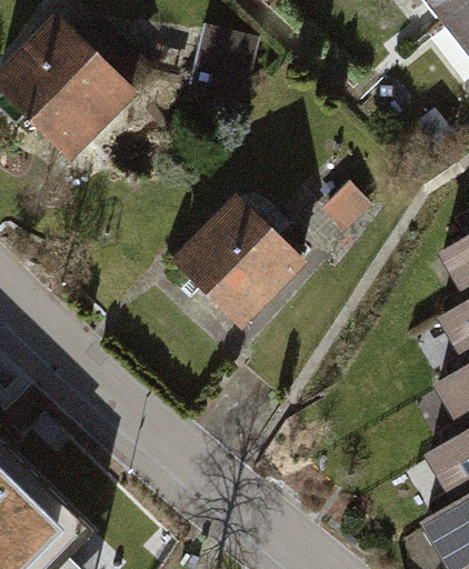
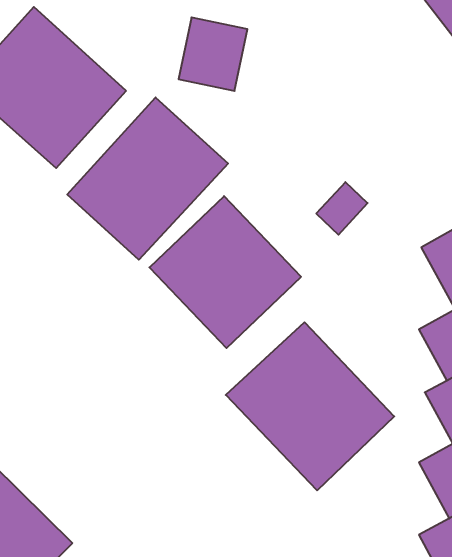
building: none -> [67,97,228,260]
building: none -> [226,322,394,490]

